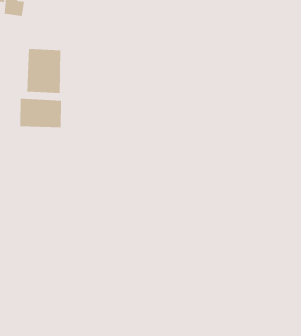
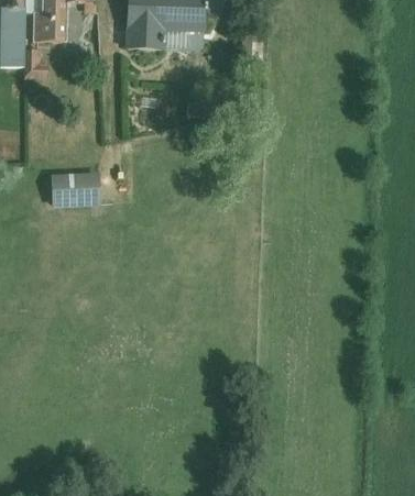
building: [27,48,61,94] -> none

